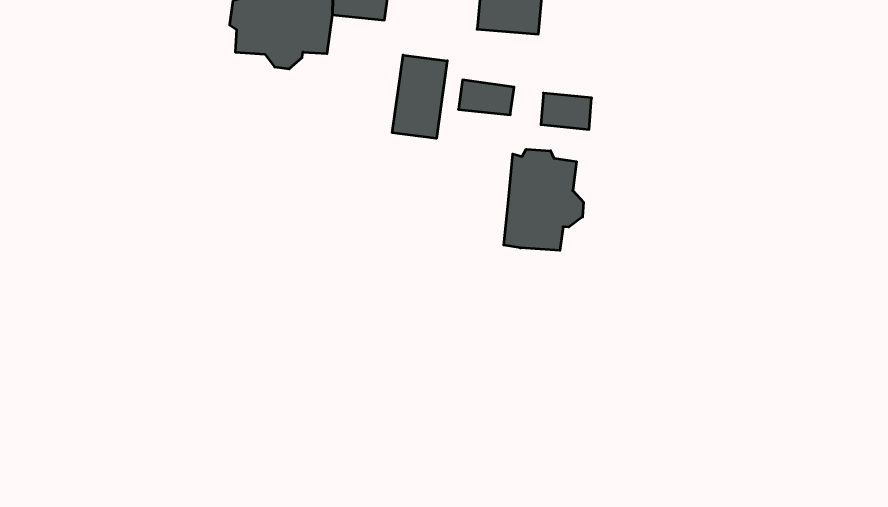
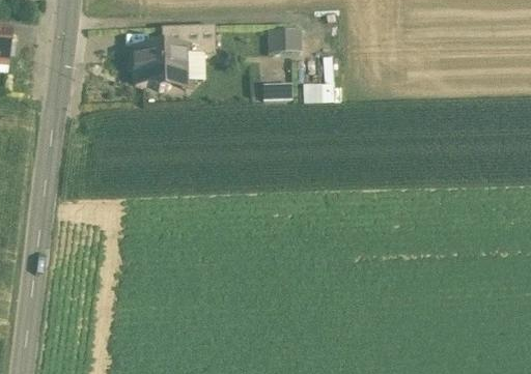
building: [392,55,447,138] -> none
building: [504,149,583,250] -> none

